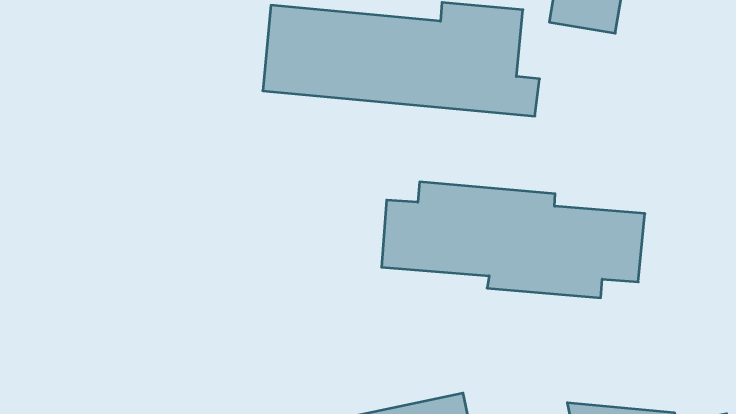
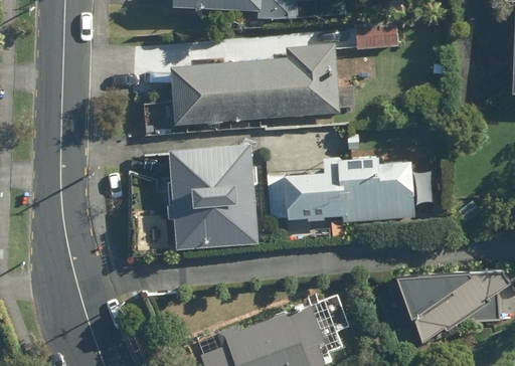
building: none -> [163,146,258,251]

